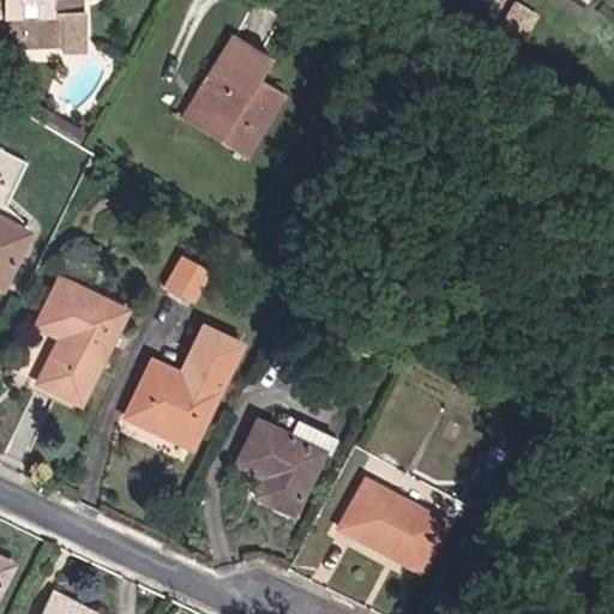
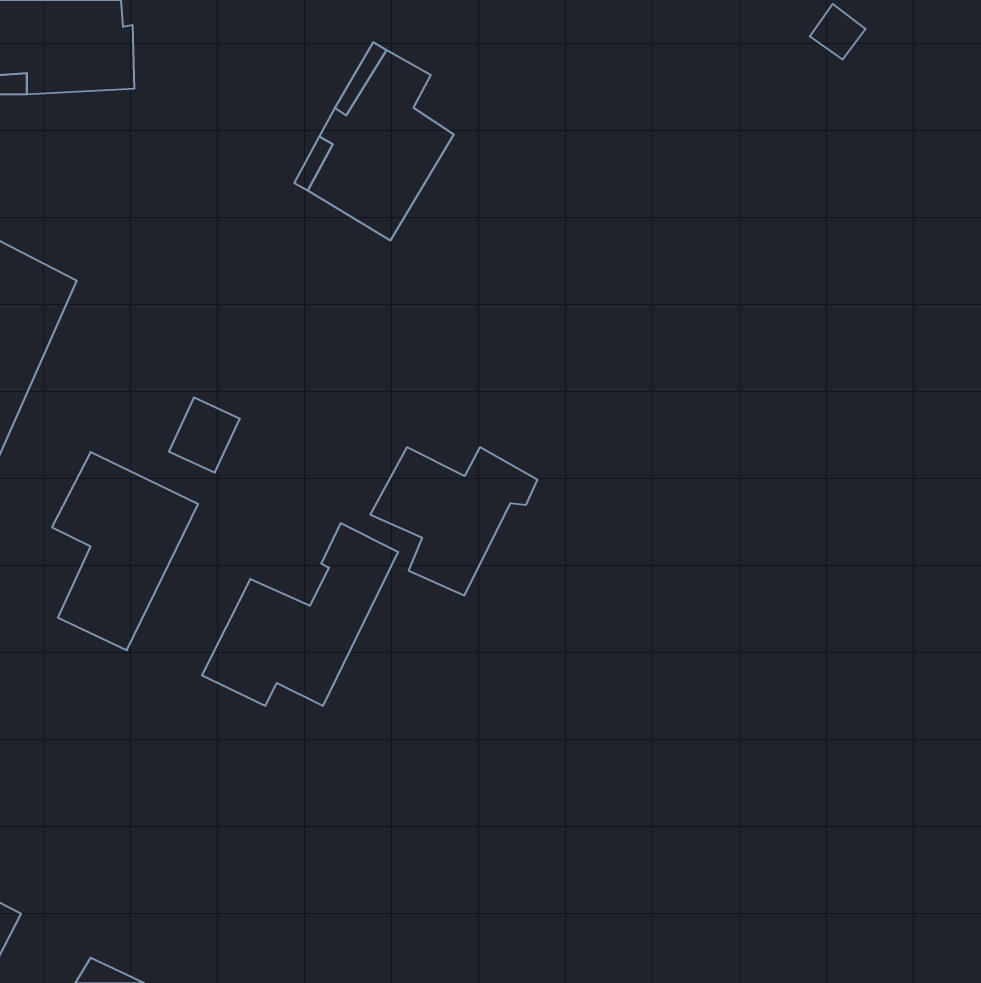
building: [165,253,210,300] -> [169,398,240,473]
building: [233,419,337,511] -> [370,447,538,595]
building: [339,478,443,566] -> none

